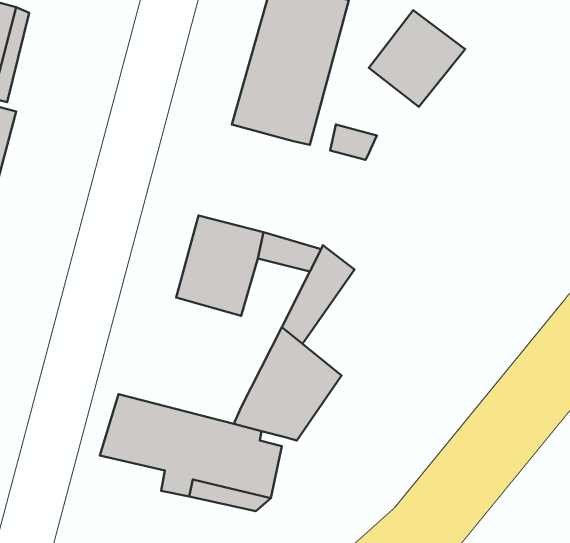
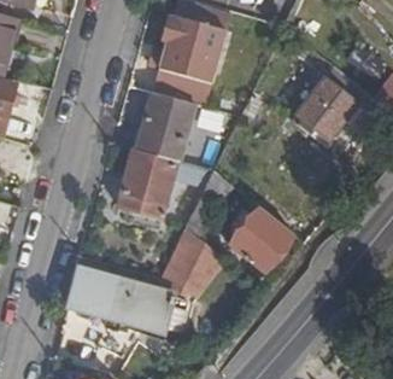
building: [369,10,465,107] -> [295,77,358,140]
building: none -> [136,92,194,162]
building: none -> [225,205,298,272]

